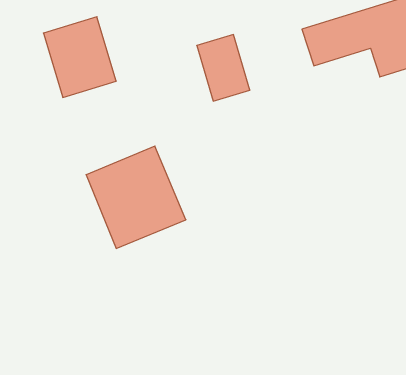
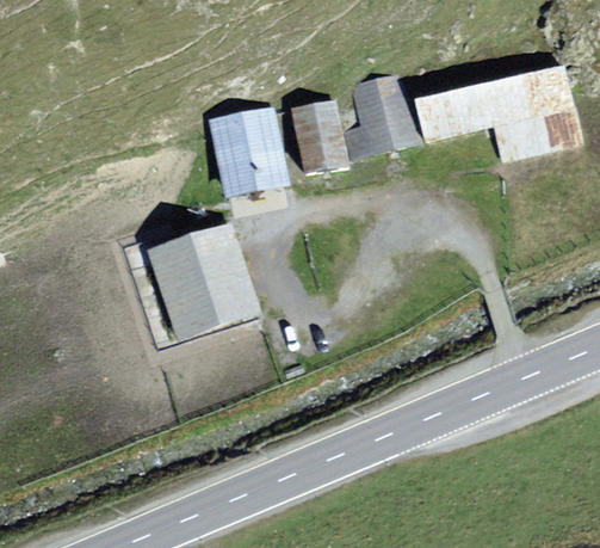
building: none -> [346,73,419,161]
building: [43,17,116,97] -> [208,105,289,197]

